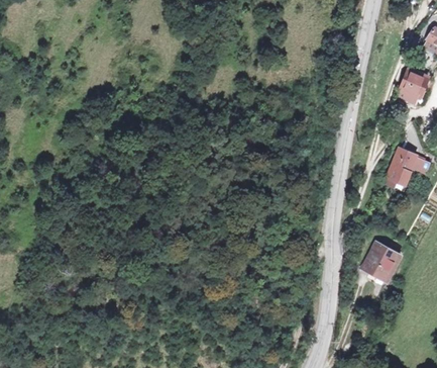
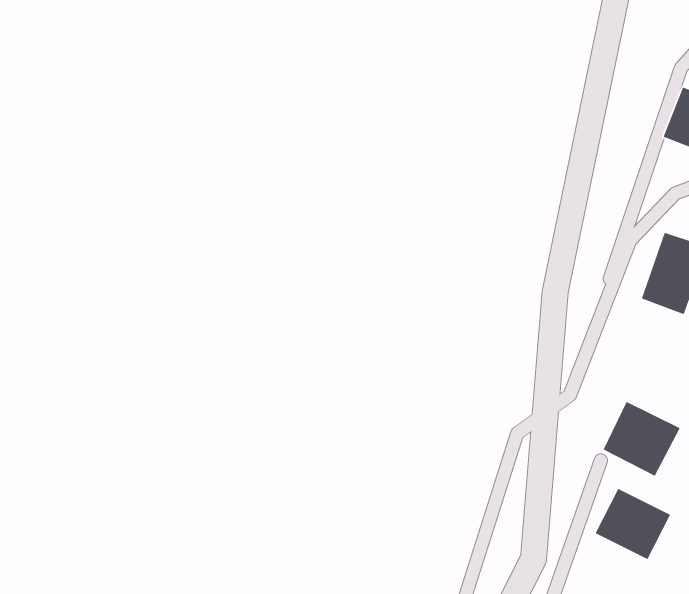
building: none -> [595,488,671,560]

